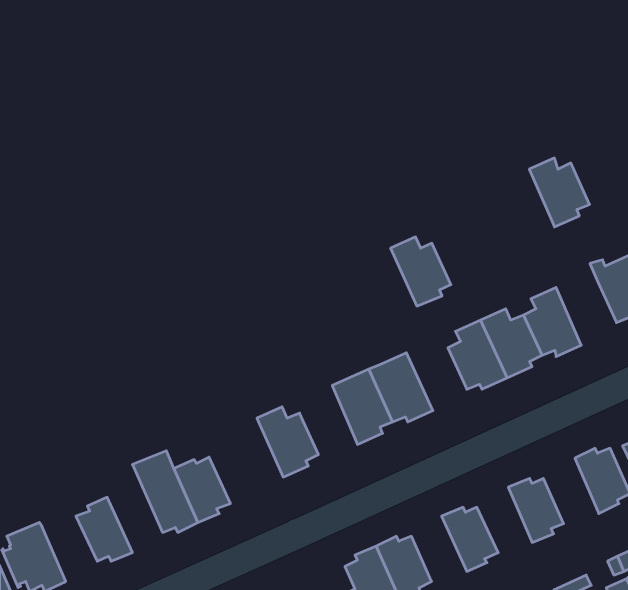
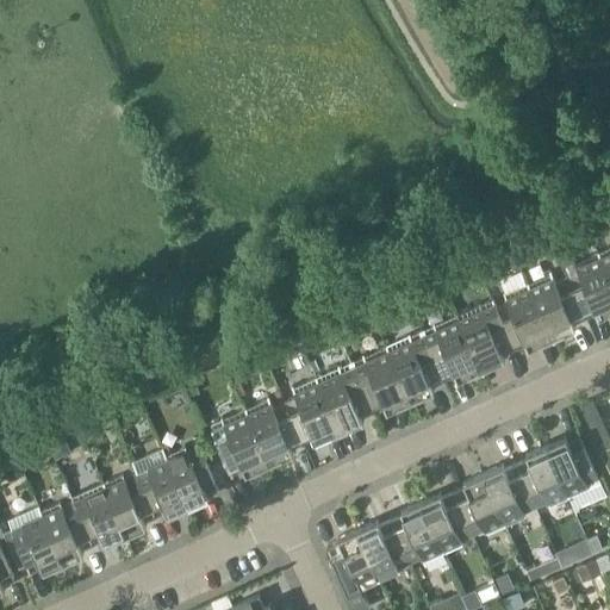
building: [529,158,590,227] -> [528,274,585,340]
building: [391,237,451,306] -> [386,336,443,402]
building: none -> [285,378,340,443]
building: none -> [208,409,269,475]
building: none -> [516,447,568,509]
building: none -> [102,474,155,536]
building: none -> [453,474,505,536]
building: none -> [41,502,93,564]
building: none -> [391,502,443,564]

